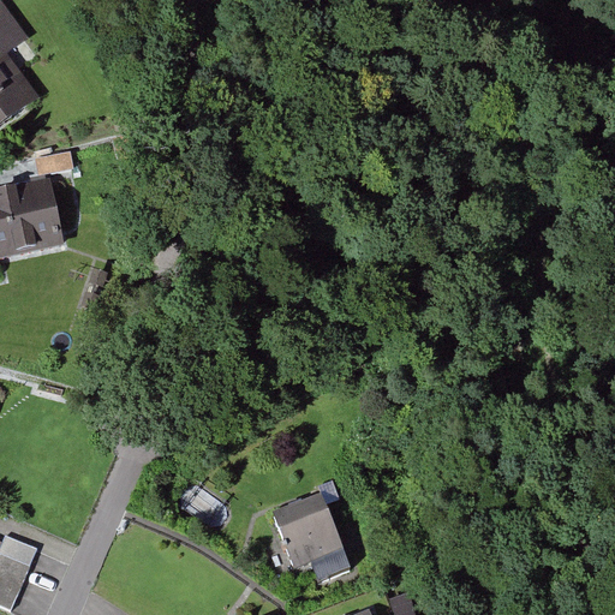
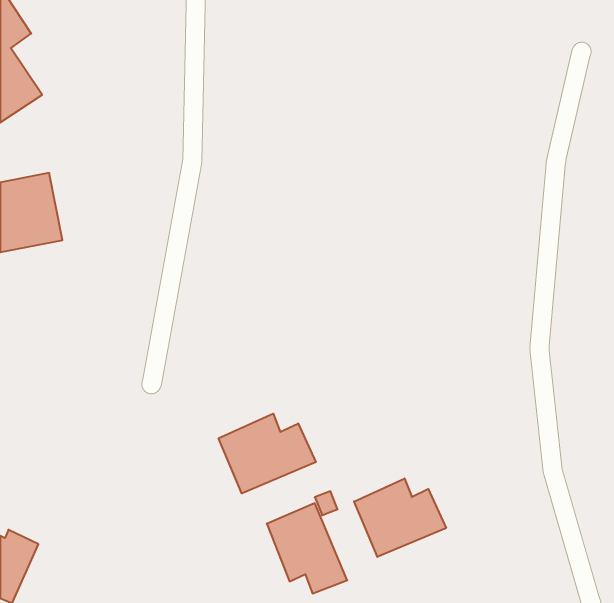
building: none -> [219,414,316,493]
building: none -> [354,478,446,557]

